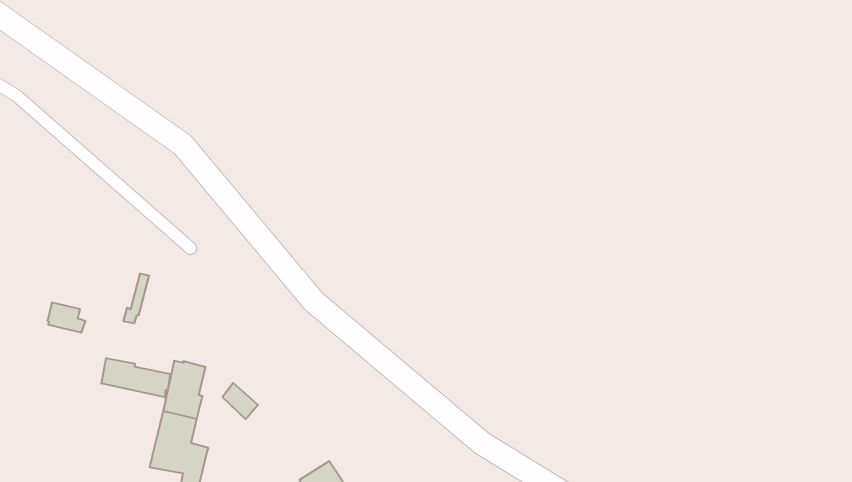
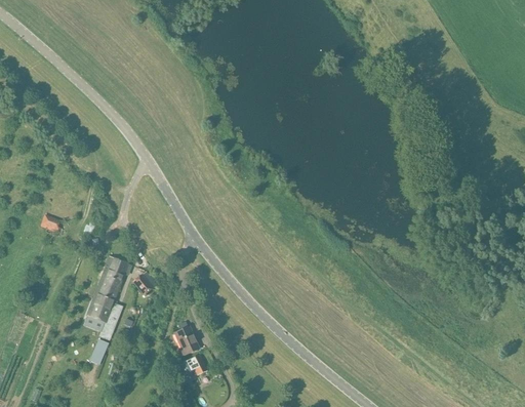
building: [101,358,170,397] -> none

